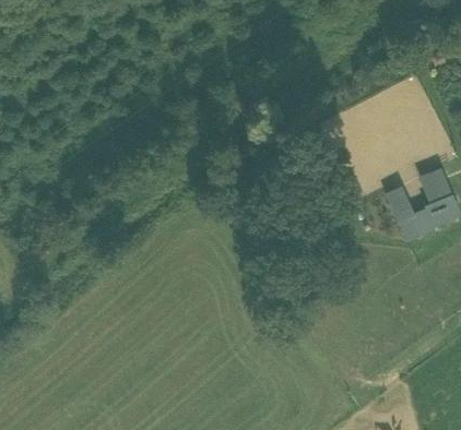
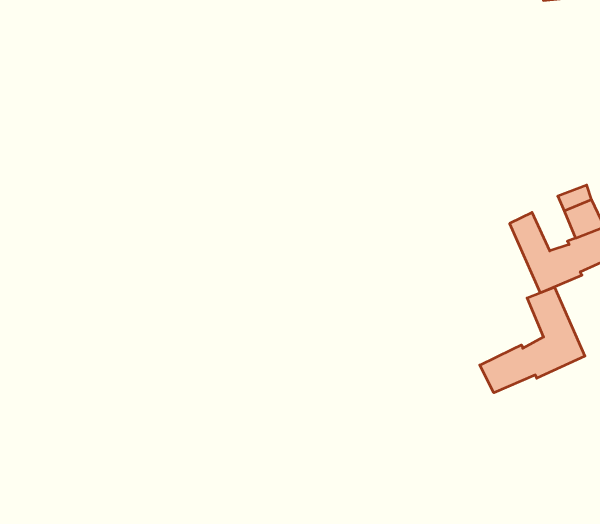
building: none -> [480,287,585,393]

